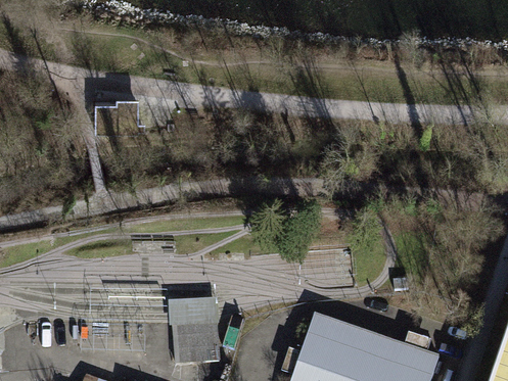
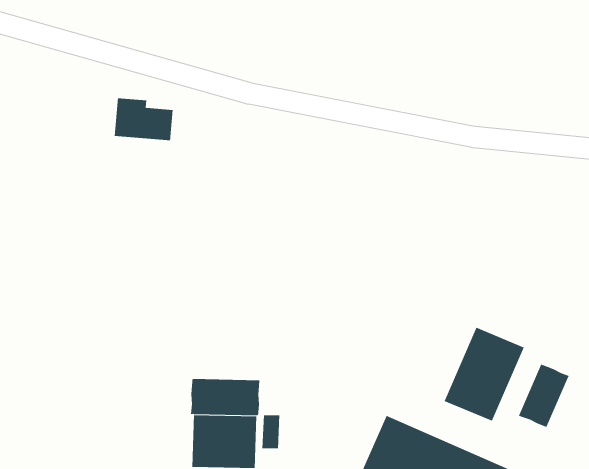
building: none -> [444,327,524,422]
building: none -> [518,364,569,428]

